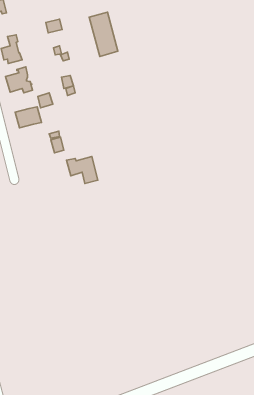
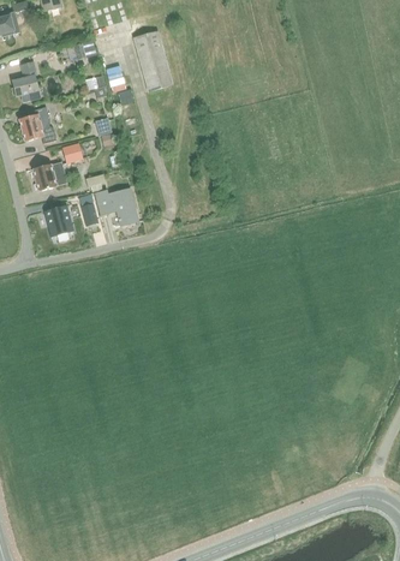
building: none -> [43,204,73,237]
building: [67,157,98,184] -> [95,187,138,225]

